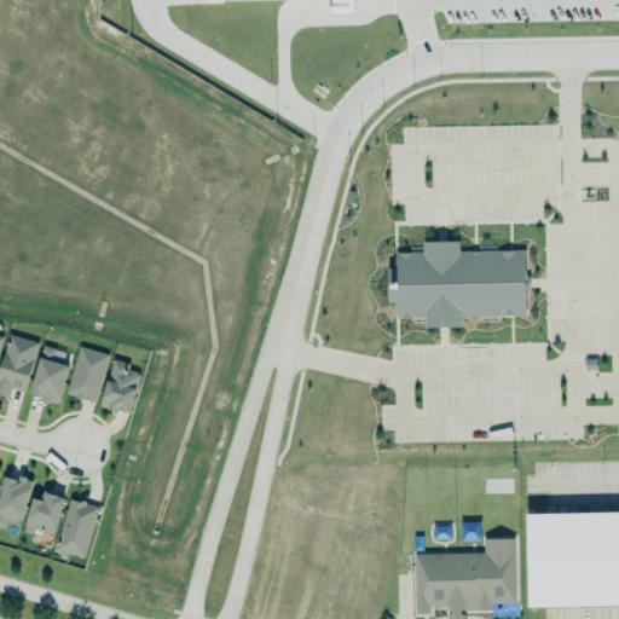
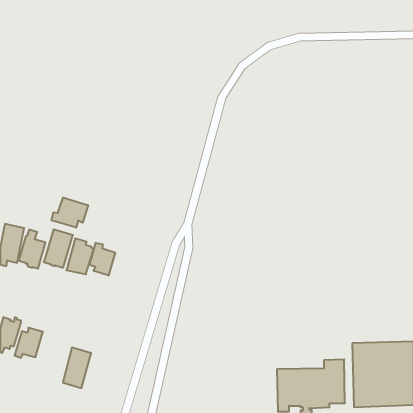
building: [388,243,527,329] -> none
building: none -> [52,198,88,228]
building: none -> [89,243,115,275]
building: [57,499,99,560] -> [63,348,91,388]

